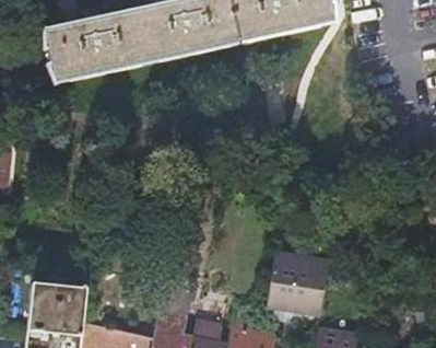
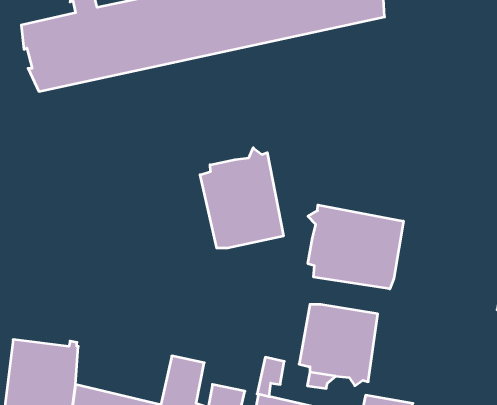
building: none -> [200,148,283,248]
building: none -> [308,205,403,289]

